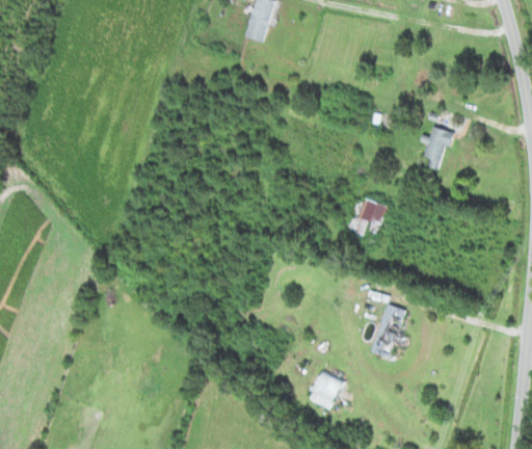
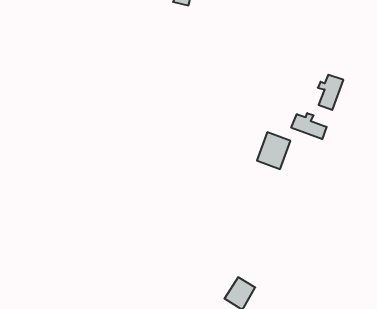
building: none -> [291,113,327,139]
building: [372,303,406,356] -> none

